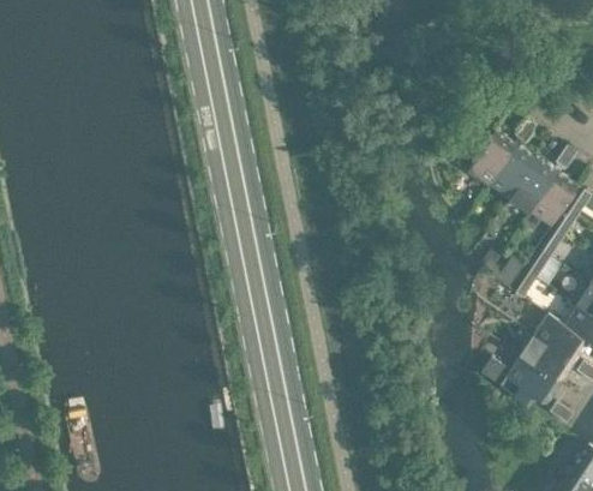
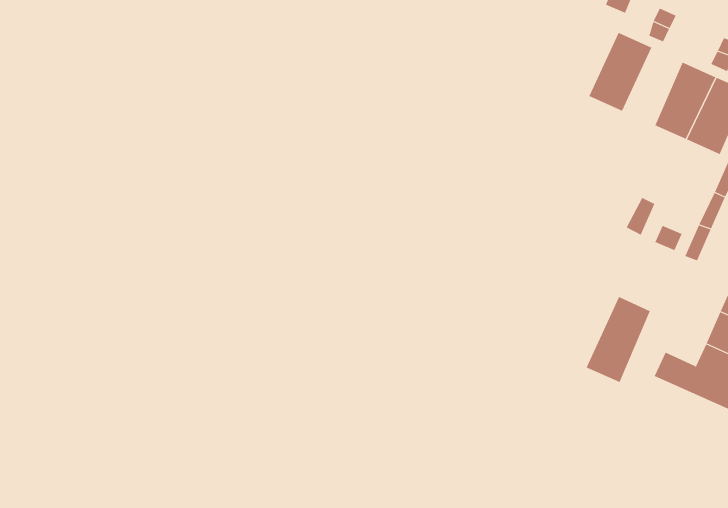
building: [489,144,535,198] -> none
building: none -> [586,296,650,383]

